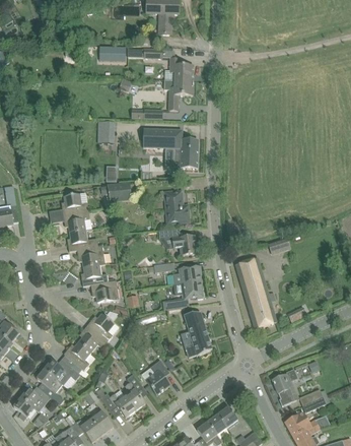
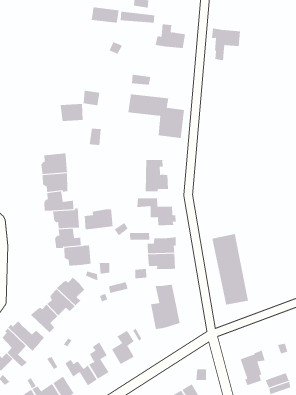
building: [163,78,192,110] -> [211,28,241,61]
building: [107,182,131,201] -> [60,103,84,121]
building: none -> [84,209,113,230]

